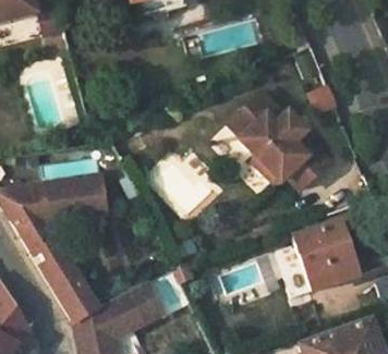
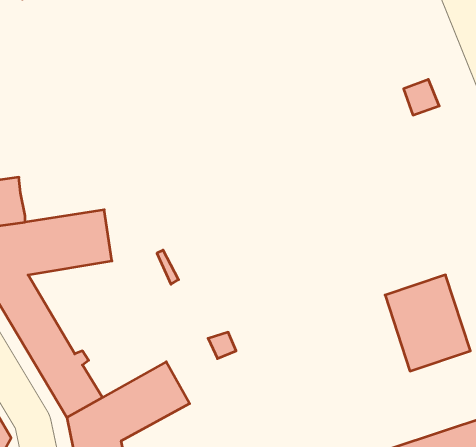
building: [242,94,330,191] -> none

